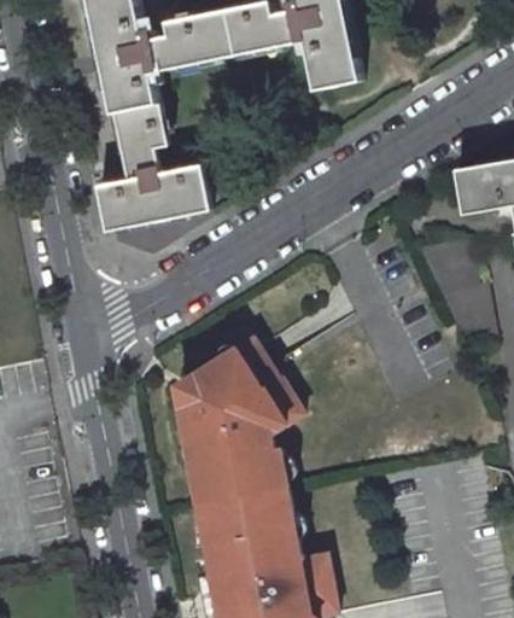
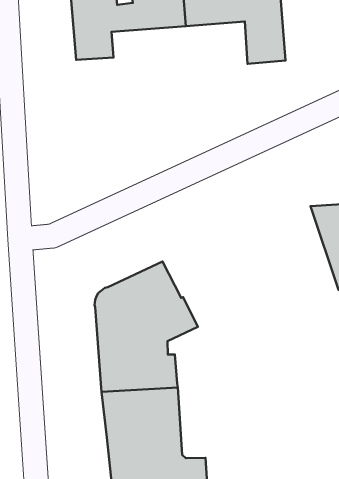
building: [97,103,209,231] -> none

